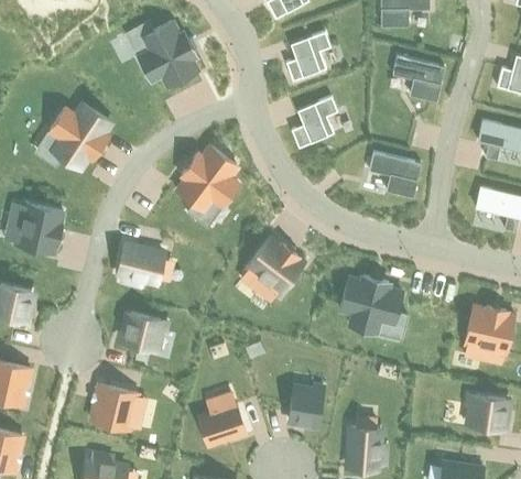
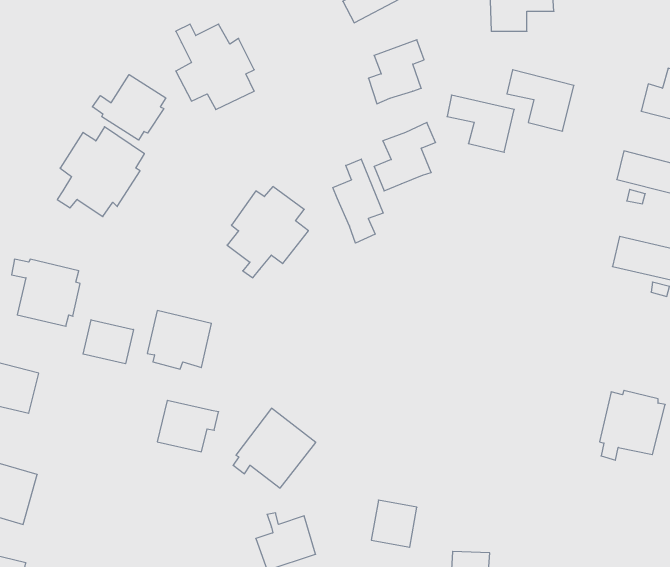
building: none -> [92,75,166,140]
building: none -> [333,159,383,243]
building: [369,154,421,198] -> [447,95,514,152]
building: [240,235,304,296] -> [233,408,316,488]
building: none -> [83,320,133,364]
building: [339,274,406,334] -> none
building: [90,383,141,429] -> none
building: [465,392,506,429] -> none

